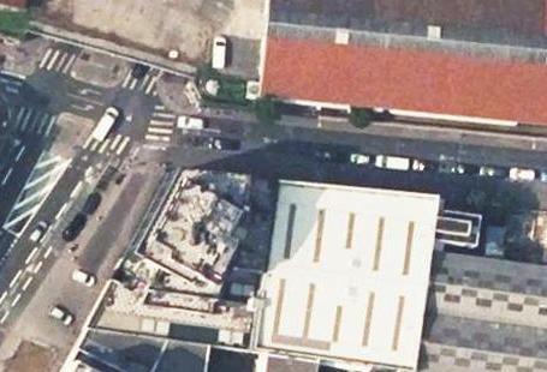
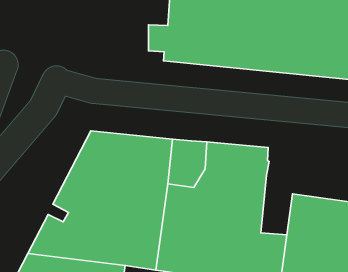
building: [390,193,480,306] -> none

